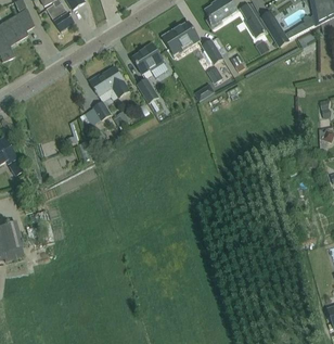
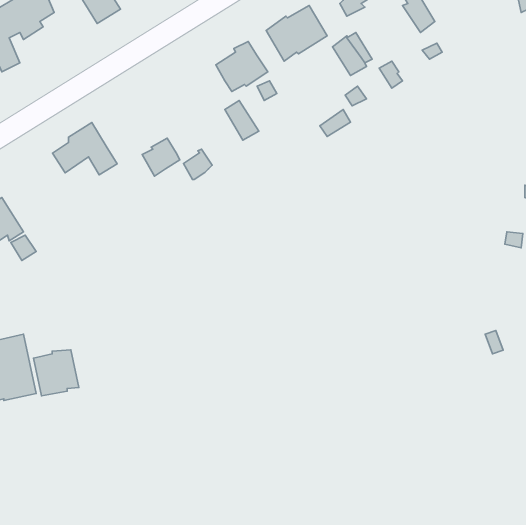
building: [91,65,130,97] -> [52,123,117,175]
building: none -> [34,350,79,396]

